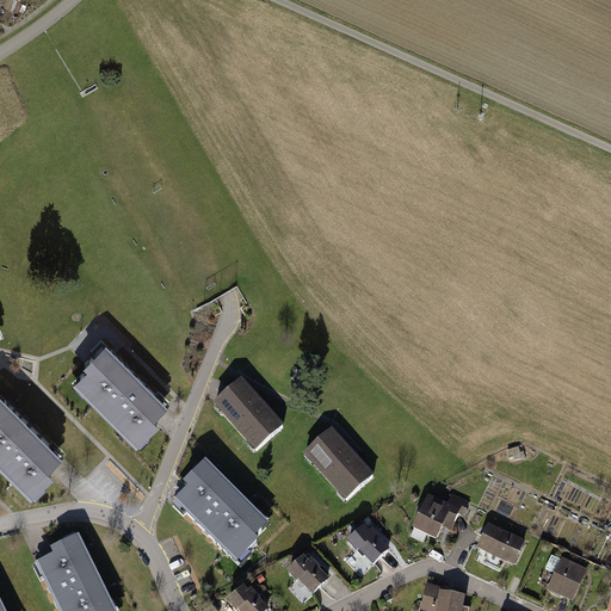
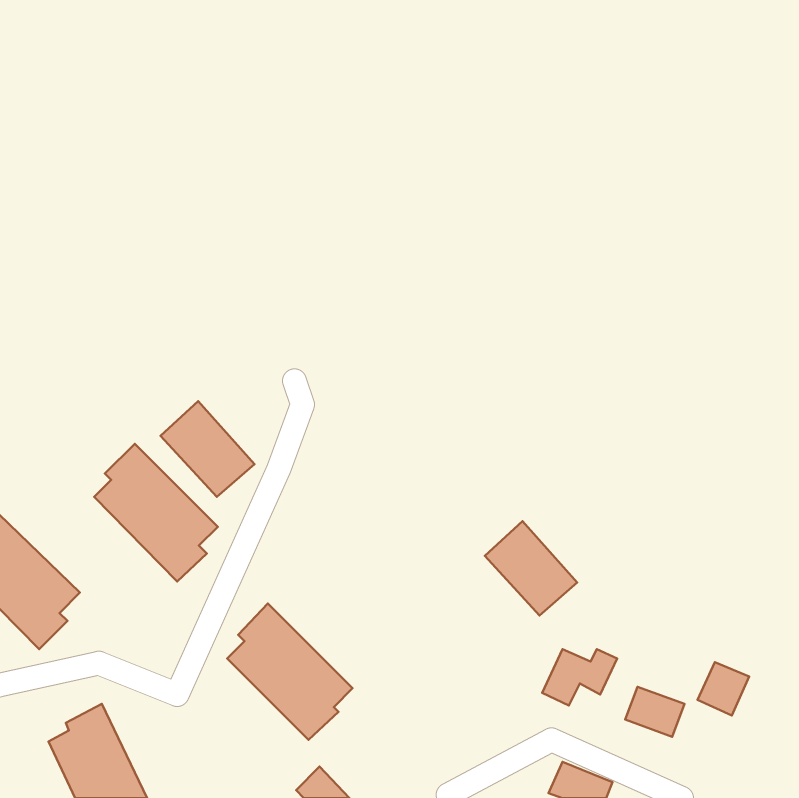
building: [214,379,285,452] -> [160,401,254,497]
building: [304,430,375,501] -> [485,521,577,615]
building: [346,524,388,564] -> none
building: [285,554,326,595] -> none
building: [547,557,586,598] -> [697,662,749,716]

